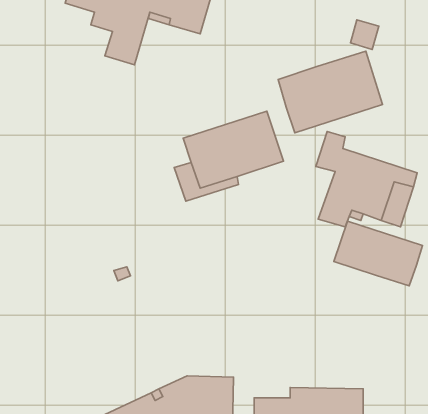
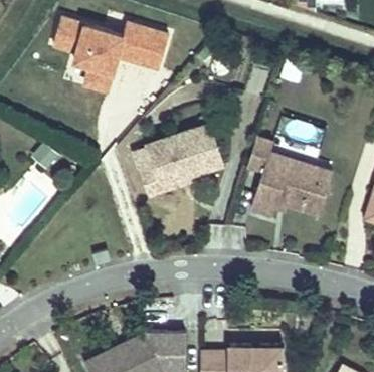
building: [278,51,382,133] -> none
building: [334,221,423,286] -> none

